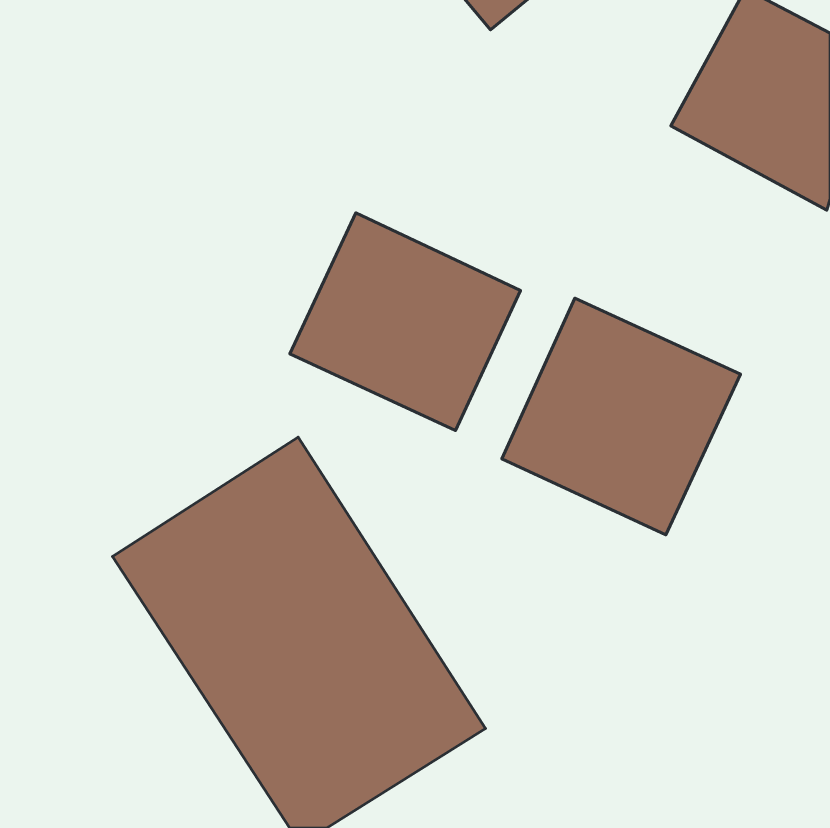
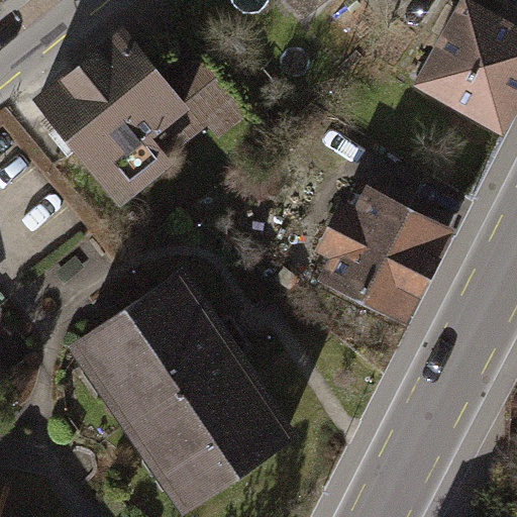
building: none -> [33,28,237,207]
building: [290,213,520,431] -> none

